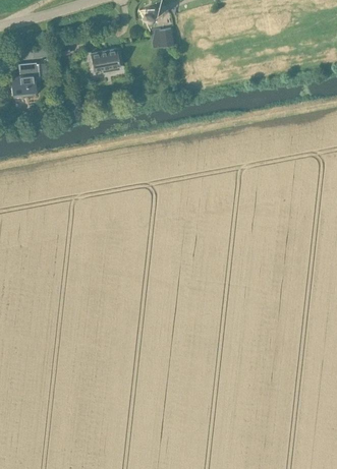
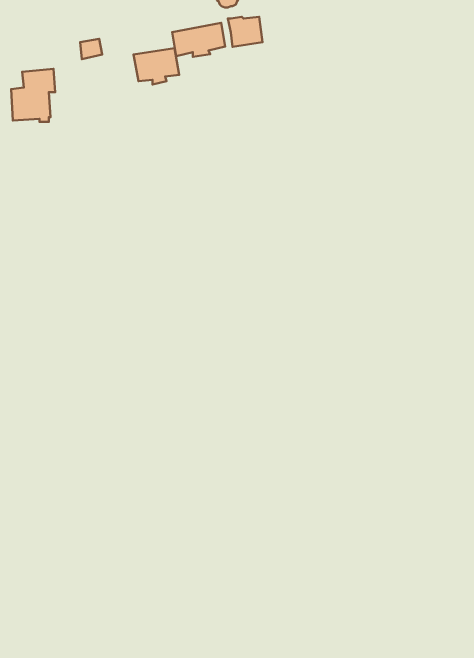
building: none -> [172,23,225,57]

